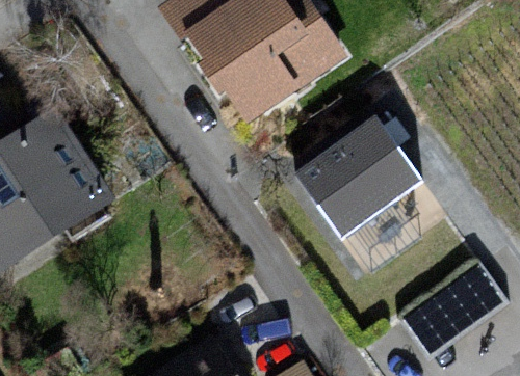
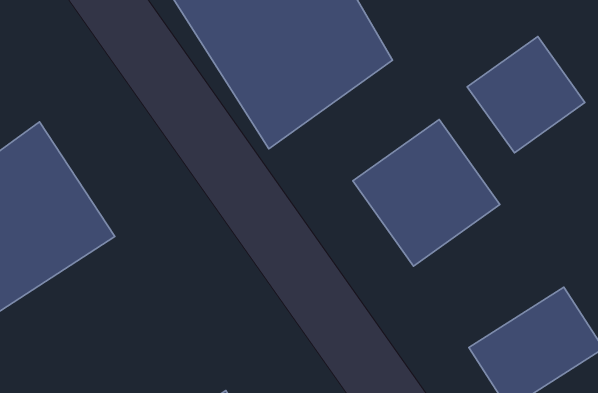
building: none -> [467,36,585,153]

